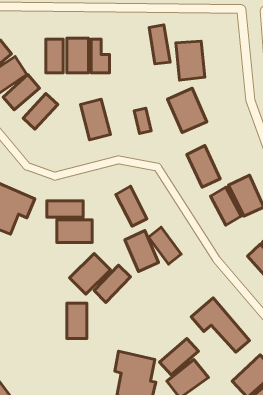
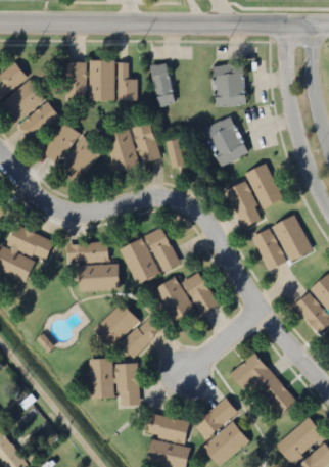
building: [149,25,170,64] -> [150,62,174,106]
building: none -> [132,122,161,164]
building: none -> [59,136,102,183]
building: none -> [245,164,283,208]
building: none -> [120,238,159,284]
building: none -> [116,364,138,406]

